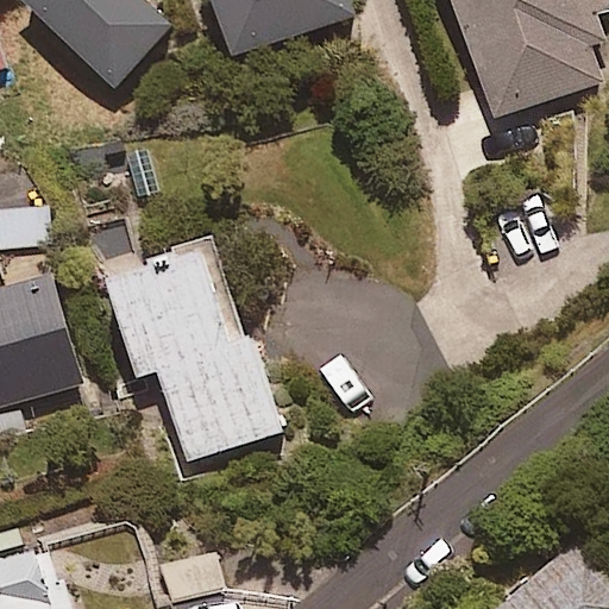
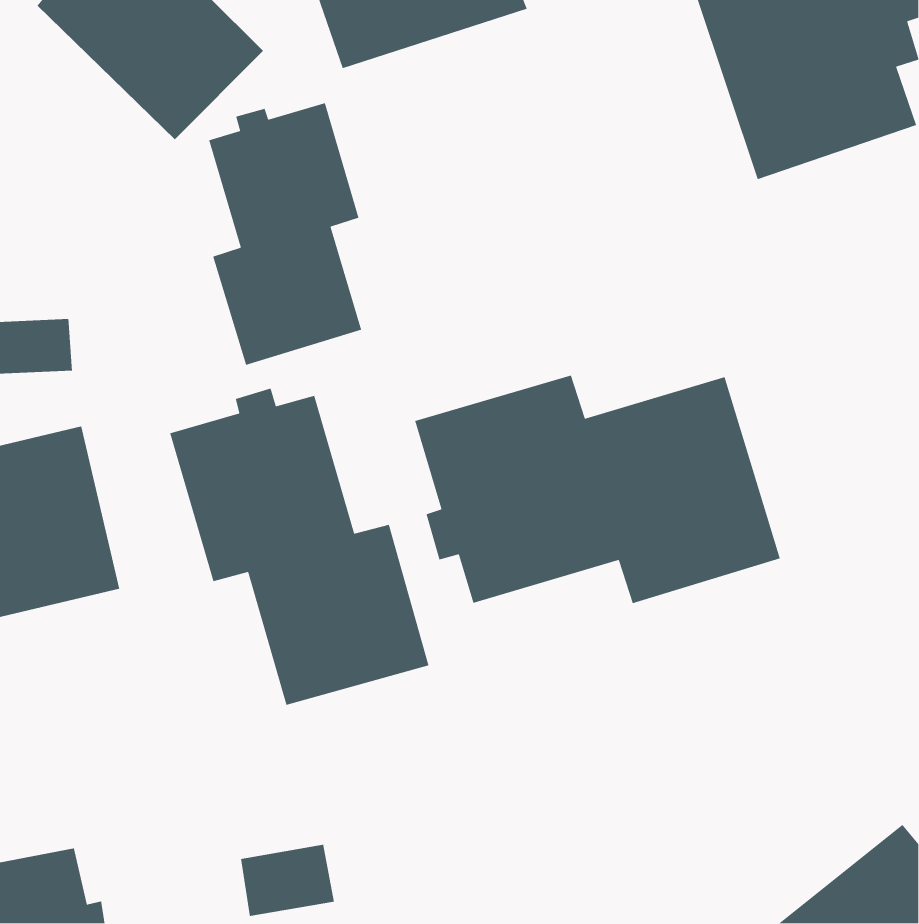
building: none -> [208,102,362,366]
building: none -> [414,374,781,604]

